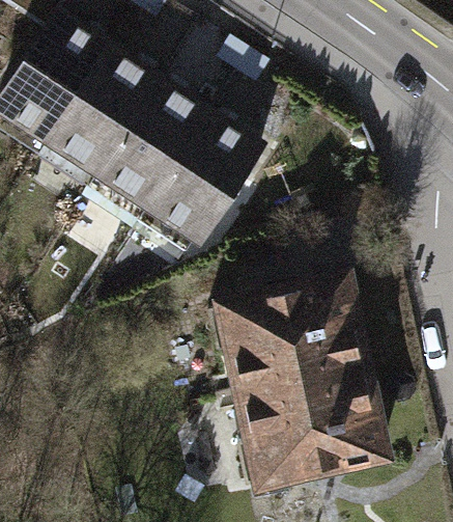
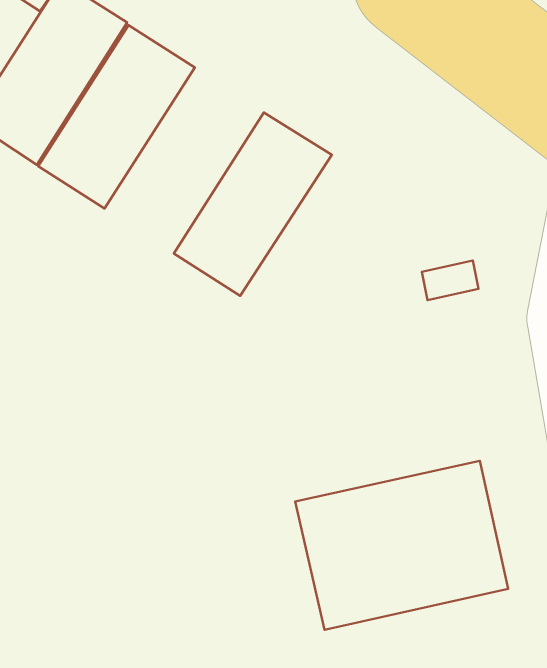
building: [94,78,209,213] -> none
building: [213,272,369,396] -> none

